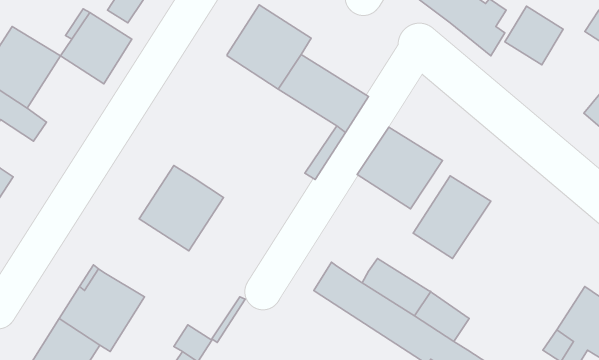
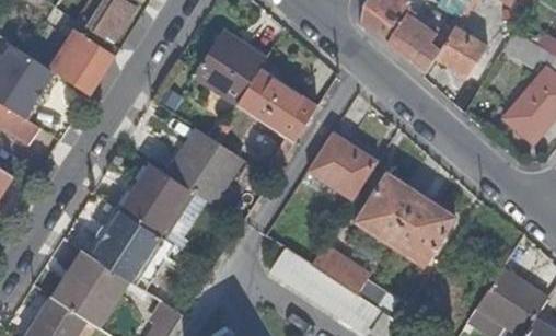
building: none -> [167,129,243,204]
building: none -> [390,195,456,266]
building: none -> [90,210,174,290]

